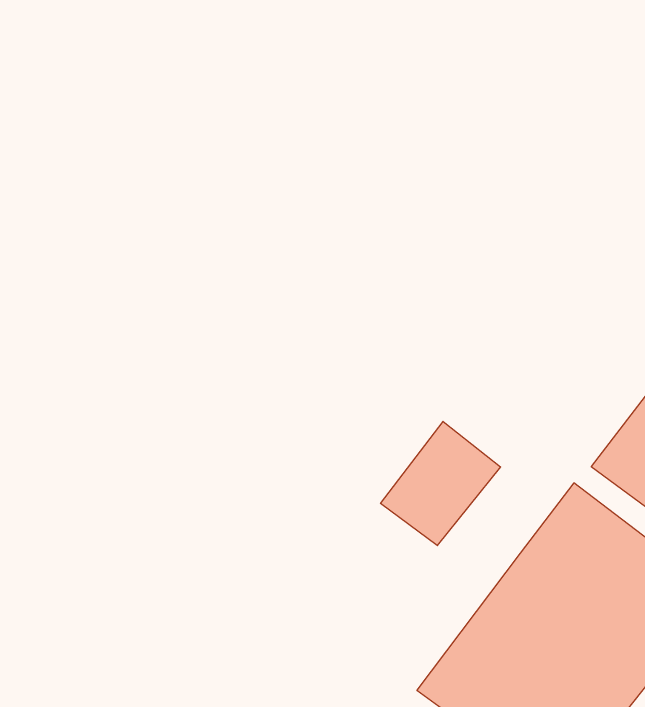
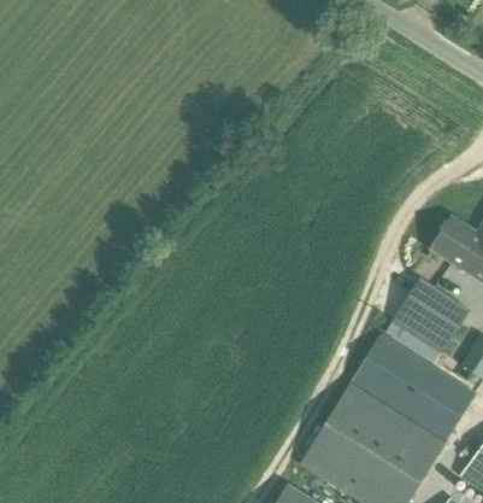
building: [381,421,501,546] -> none

